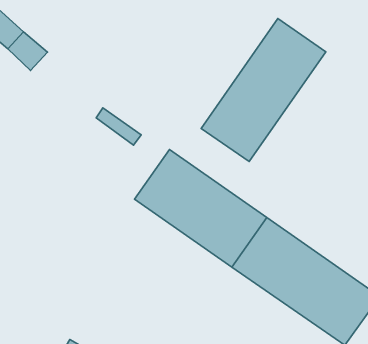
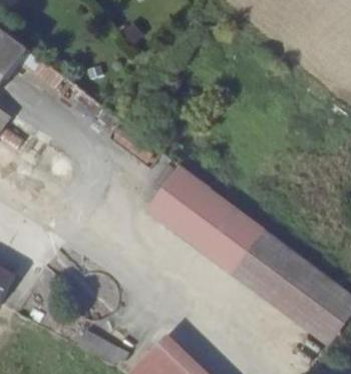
building: [201,19,326,162] -> none

